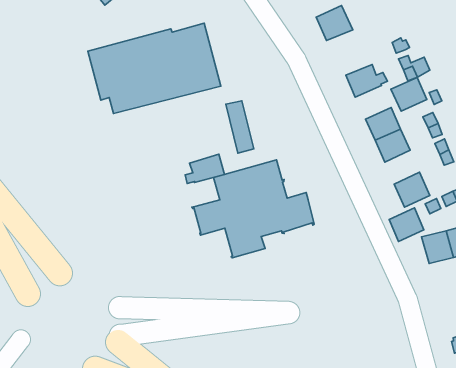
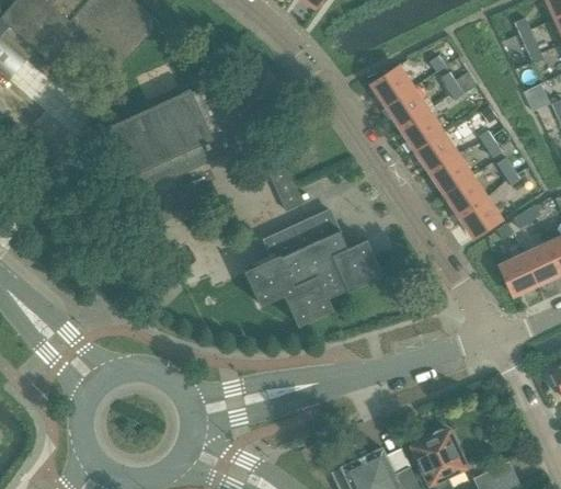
building: [316,5,353,40] -> [371,65,413,105]
building: [391,77,427,111] -> [401,110,442,149]
building: [185,154,224,183] -> none
building: [389,208,424,242] -> [445,174,484,214]

